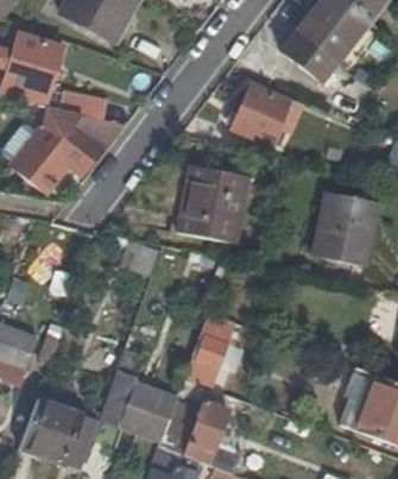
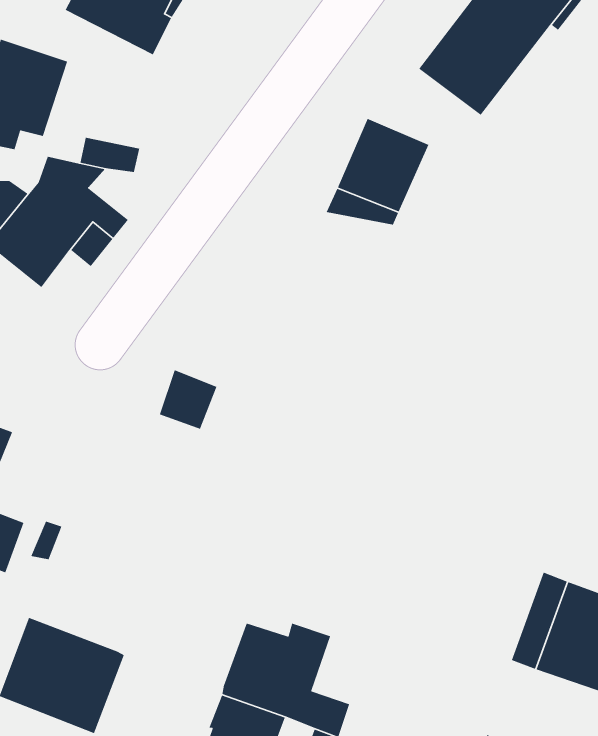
building: [176,164,248,242] -> none
building: [314,189,377,265] -> none
building: [183,314,235,389] -> none
building: [100,370,176,440] -> none

